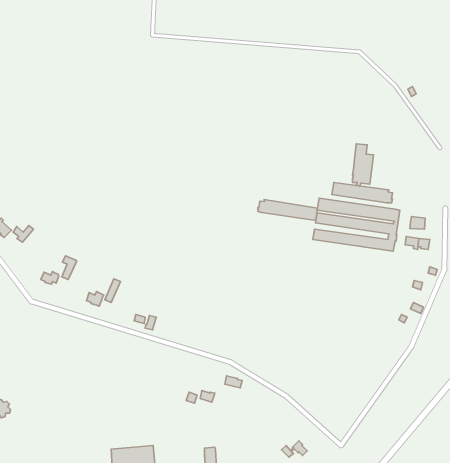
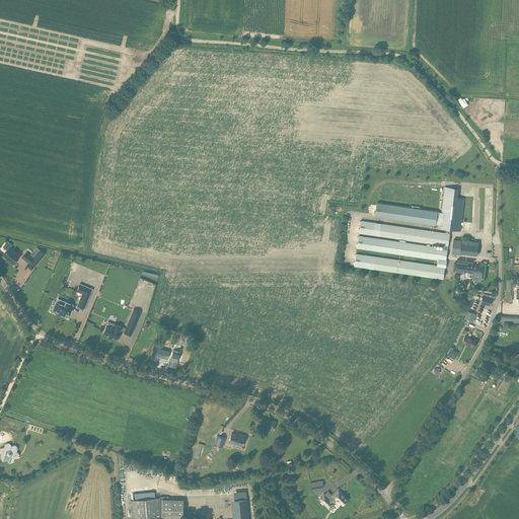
building: [352,144,374,186] -> [440,187,463,233]
building: [258,199,318,221] -> none

